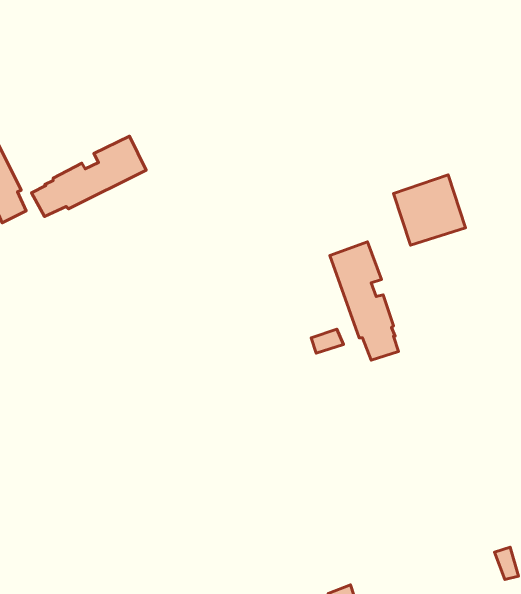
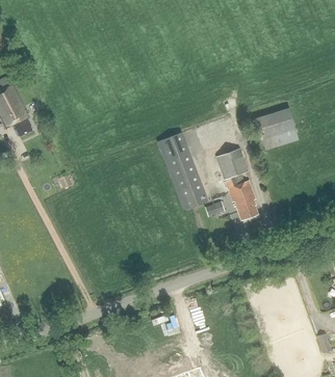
building: [32,136,146,217] -> none
building: none -> [156,131,208,210]

